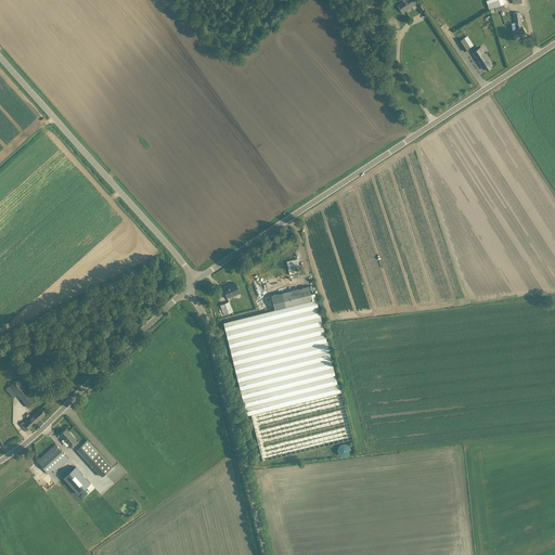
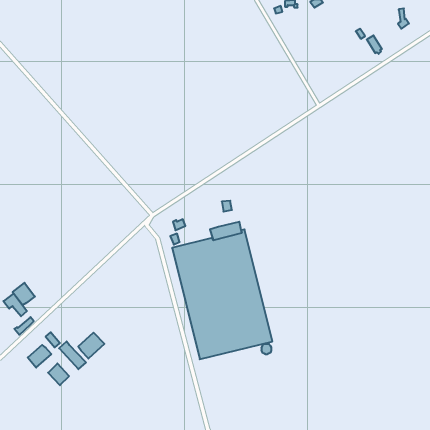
building: none -> [13,283,35,305]
building: none -> [78,333,104,359]

